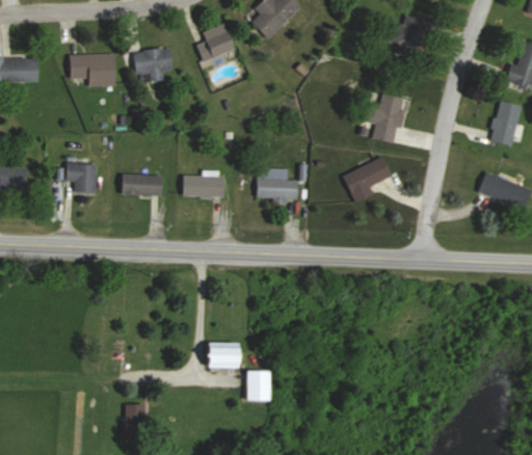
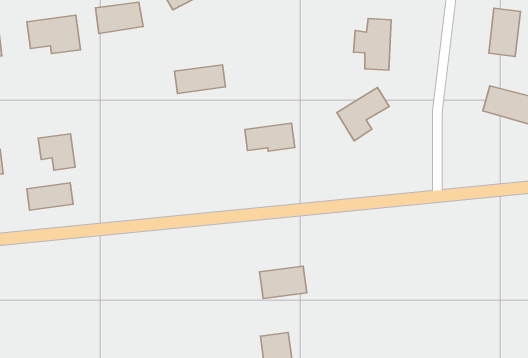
building: [121,176,161,195] -> [27,183,73,210]
building: [181,177,225,197] -> [174,65,225,94]
building: [200,343,240,368] -> [260,266,307,299]

